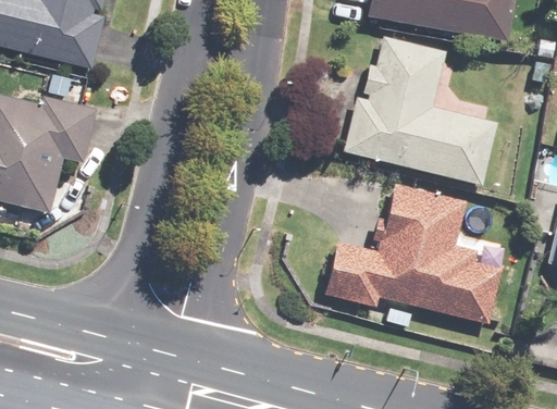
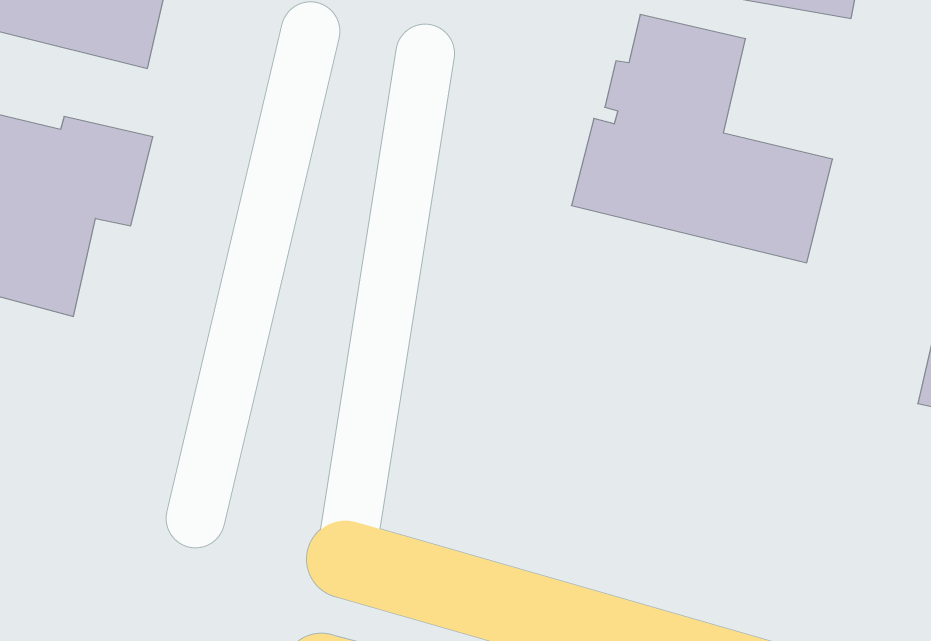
building: [323,182,504,327] -> none

